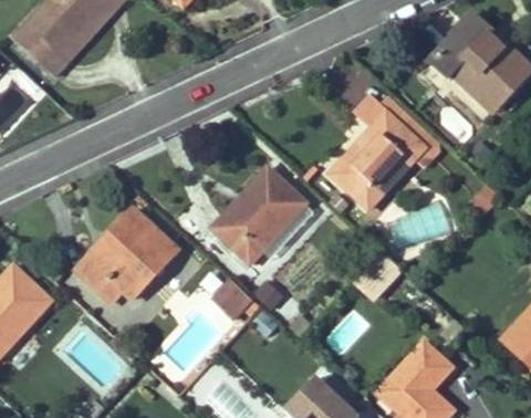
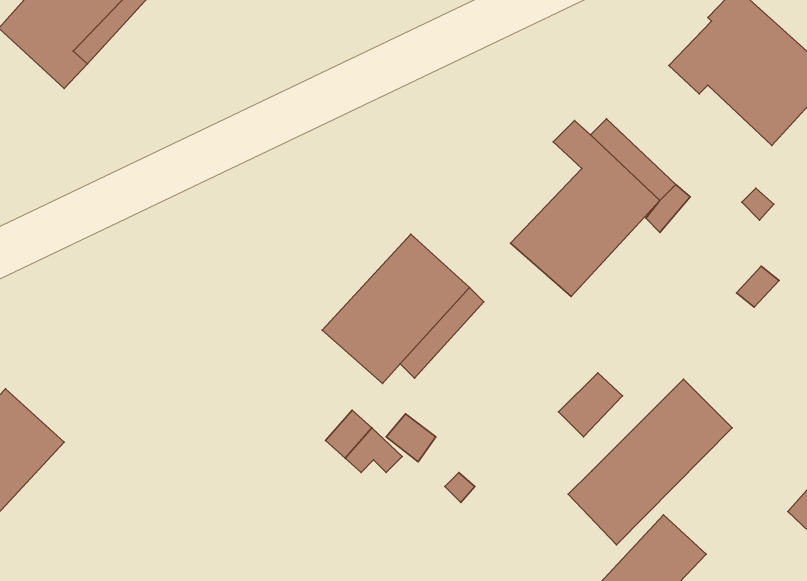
building: [77,209,177,300] -> none
building: none -> [568,379,732,545]

